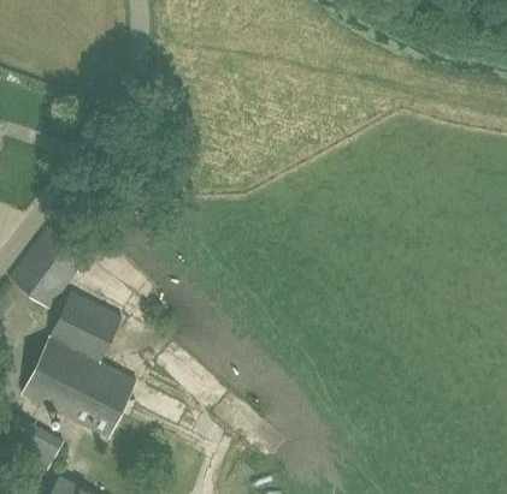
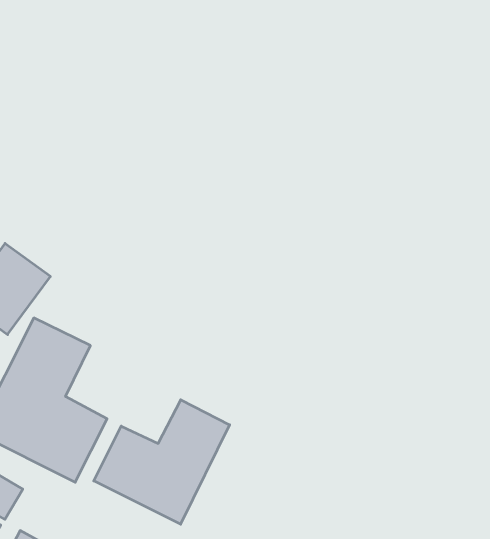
building: none -> [94,400,230,524]

